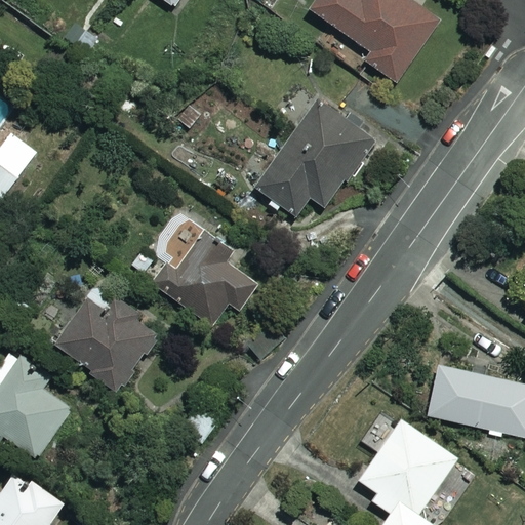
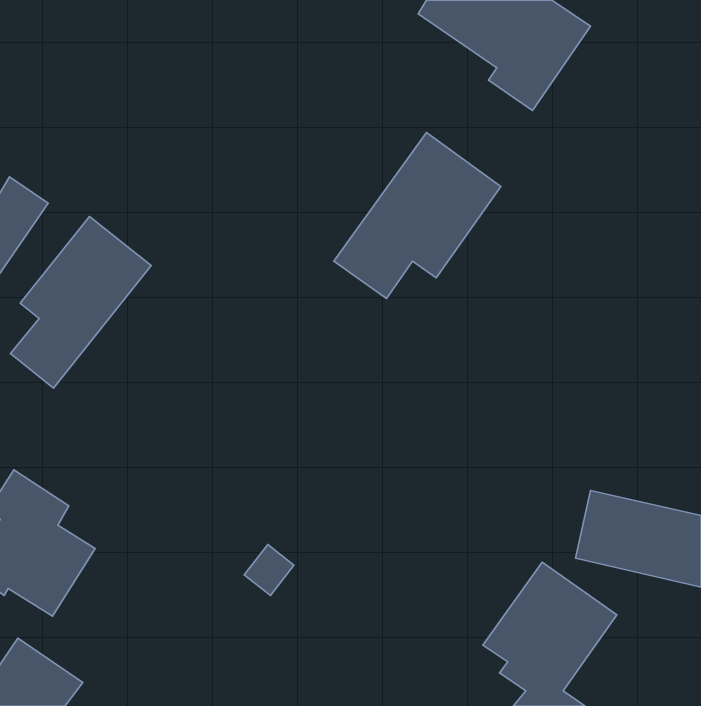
building: none -> [11,217,151,388]
building: [155,231,256,323] -> none
building: [51,284,160,391] -> none

